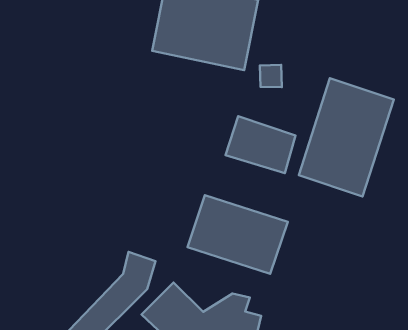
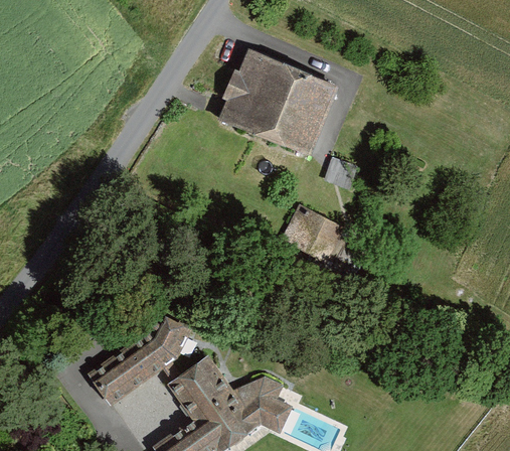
building: [299,78,394,197] -> none
building: [187,195,288,274] -> none

